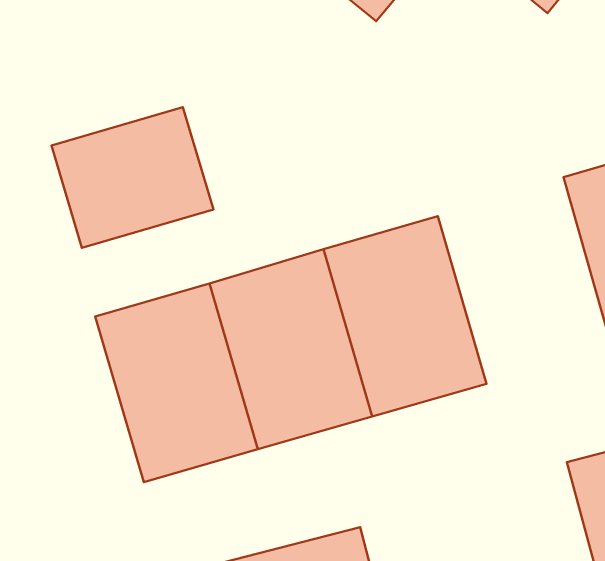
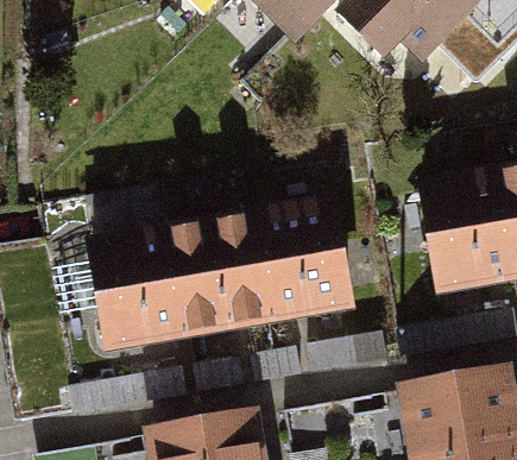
building: [51,107,213,248] -> none

